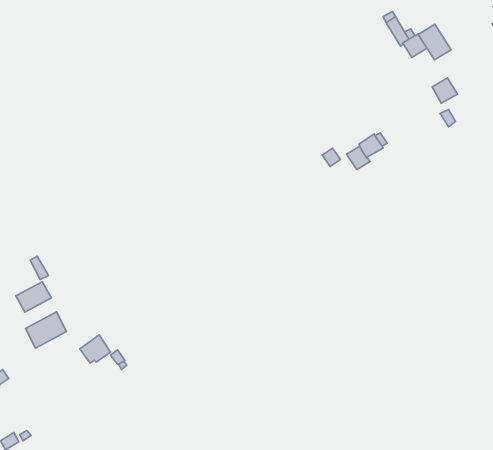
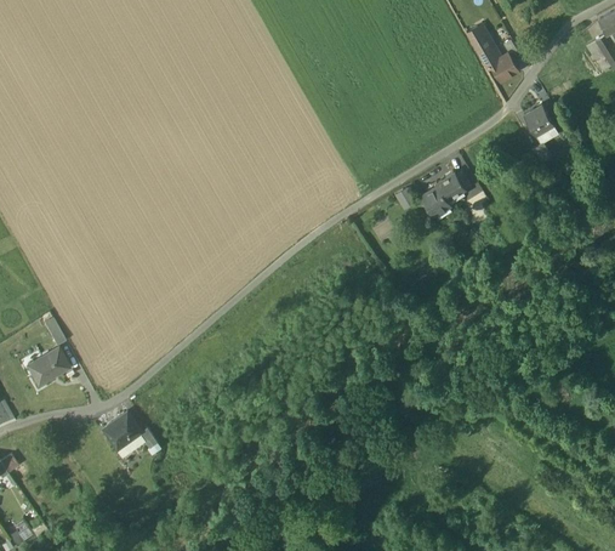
building: [418,24,451,60] -> none
building: [25,312,66,348] -> none

